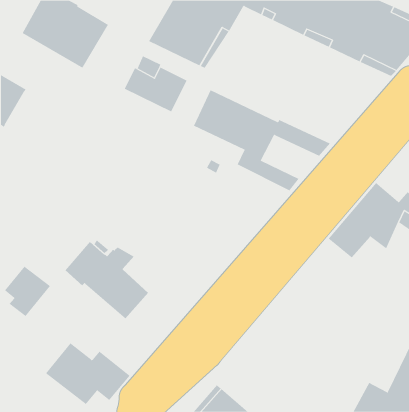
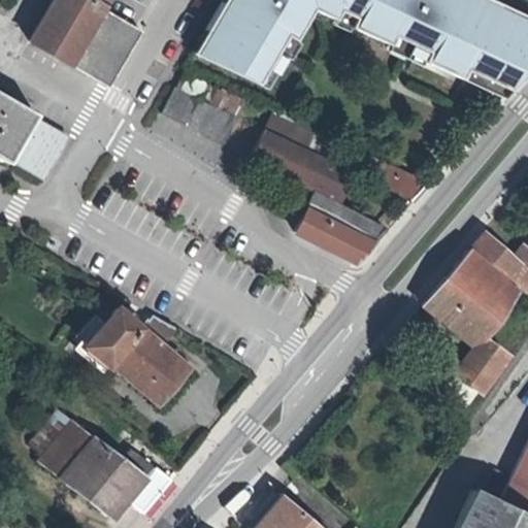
building: none -> [10,119,69,179]
building: none -> [296,210,374,263]
building: none -> [442,303,508,409]
building: [4,266,51,317] -> [33,412,93,477]

